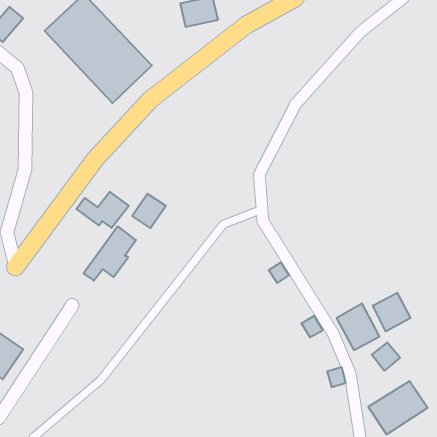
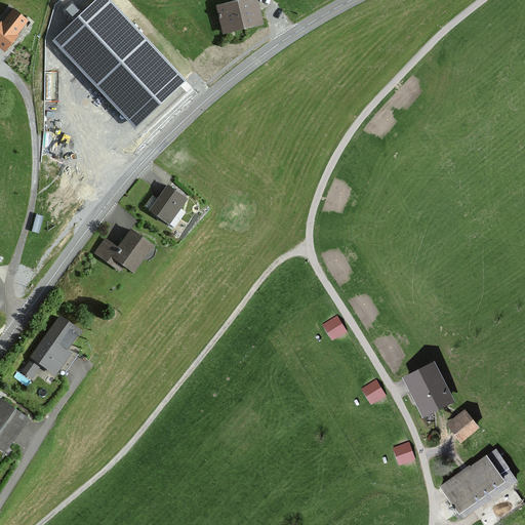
building: [132,194,166,228] -> [147,184,187,225]
building: [84,226,136,281] -> [18,315,81,379]
building: [373,293,411,331] -> none

